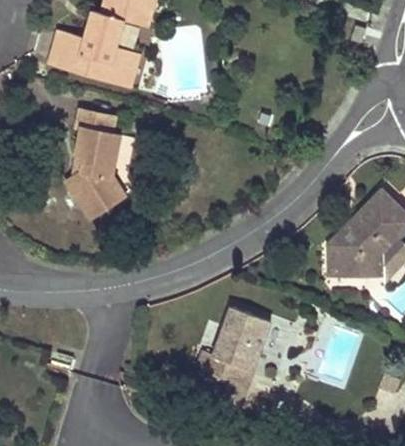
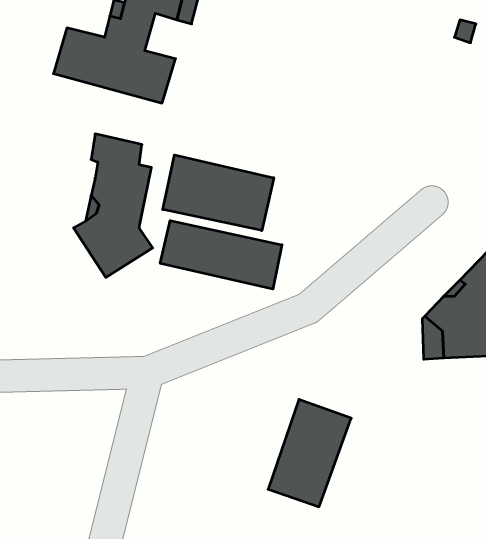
building: none -> [163,155,274,231]
building: none -> [160,221,282,289]

